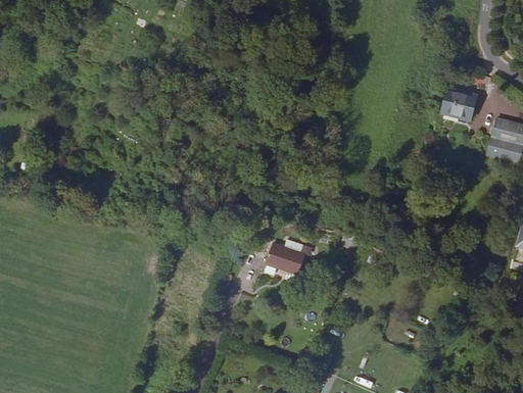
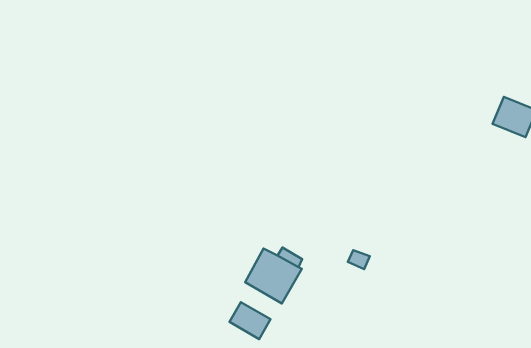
building: none -> [230,302,270,339]

